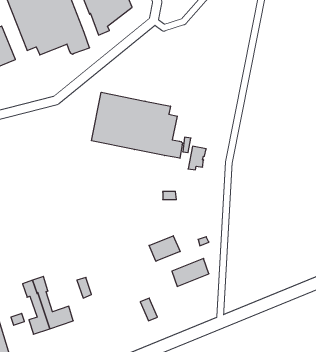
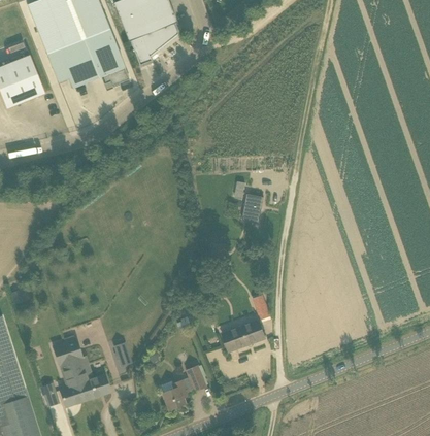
building: [92,92,183,158] -> none
building: [149,236,180,261] -> none
building: none -> [161,380,189,409]

